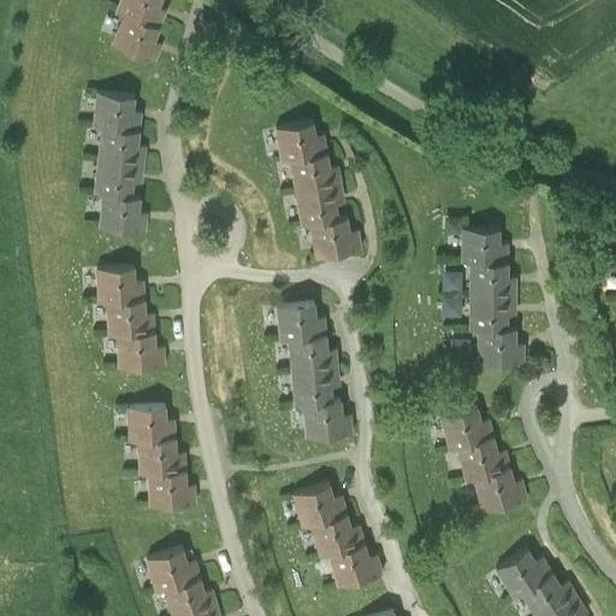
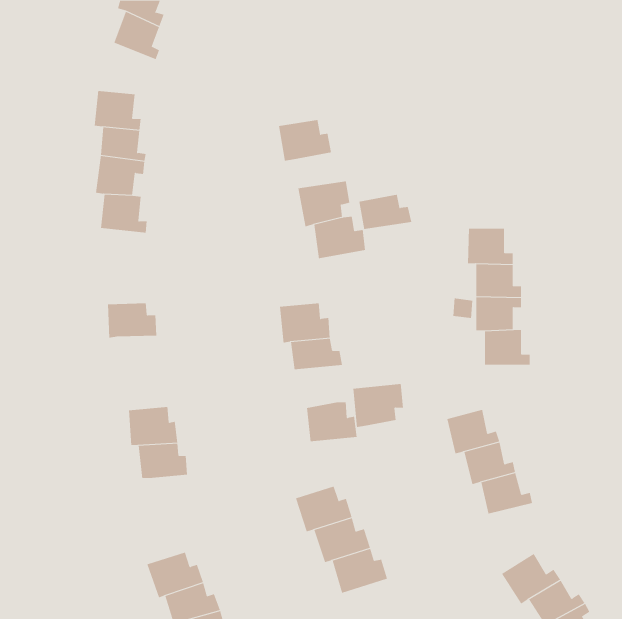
building: [290,155,343,190] -> [359,194,412,230]
building: [96,267,146,306] -> none
building: [117,336,166,371] -> none
building: [291,365,342,408] -> [353,384,404,428]
building: [148,473,197,510] -> none

